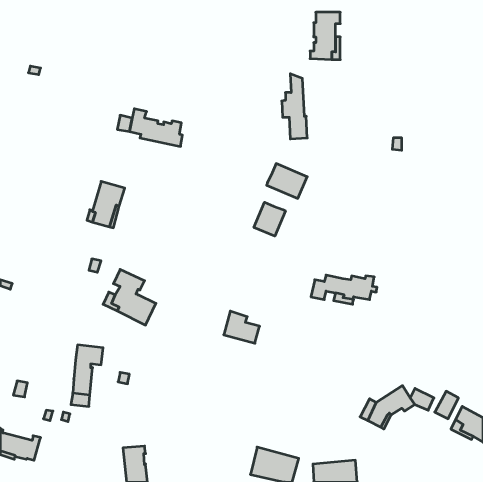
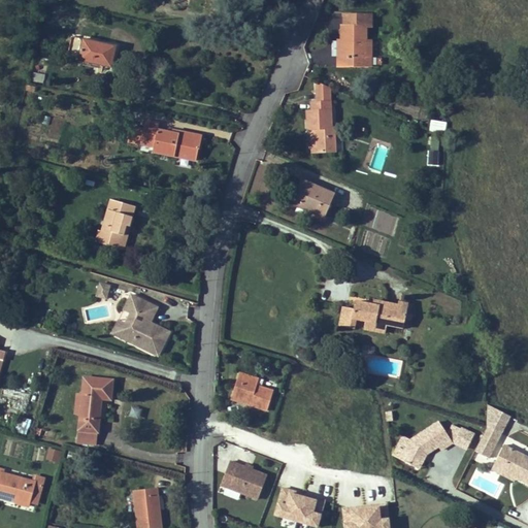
building: none -> [67,35,117,66]
building: [254,202,285,236] -> none
building: [224,311,260,343] -> [233,373,272,408]
building: none -> [487,403,510,434]
building: none -> [221,460,267,498]

